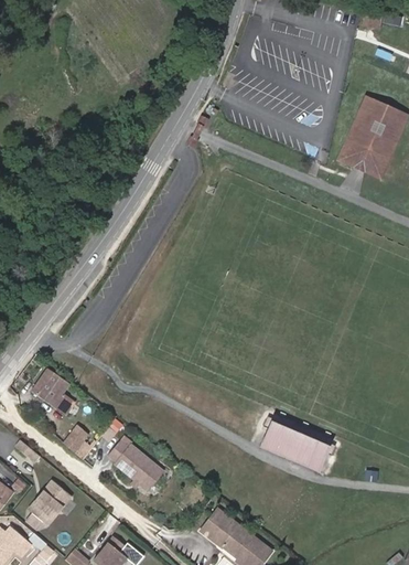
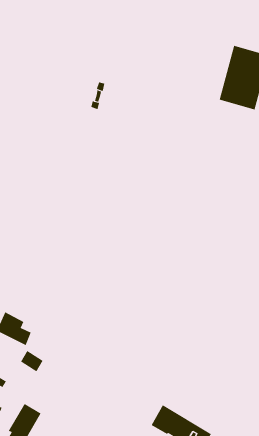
building: [259,420,330,472] -> none
building: [108,441,164,492] -> none

